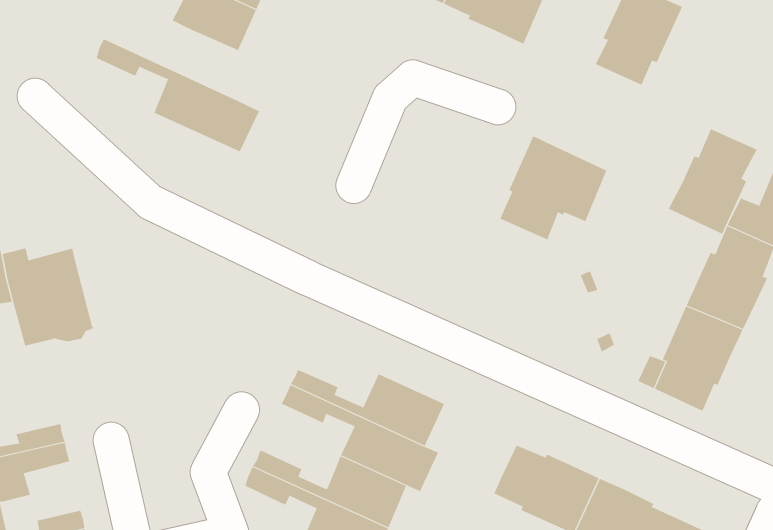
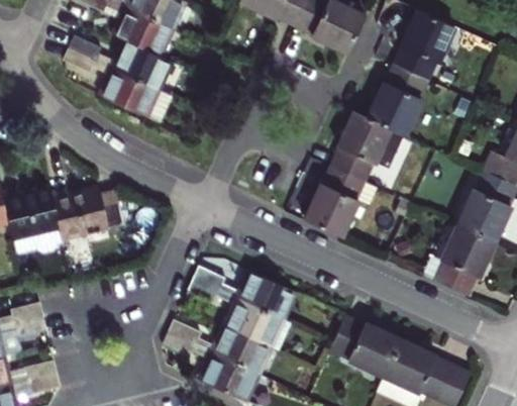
building: none -> [70,35,172,88]
building: [668,128,757,235] -> [369,64,428,134]
building: none -> [306,167,377,236]
building: none -> [50,186,123,238]

